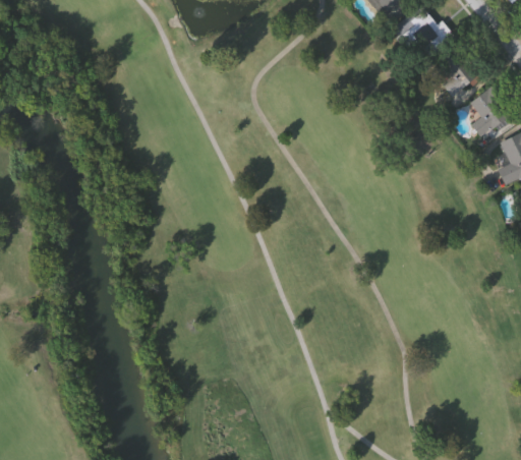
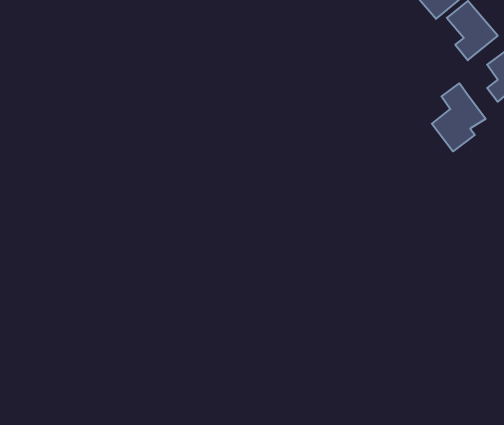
building: none -> [432,83,486,151]

